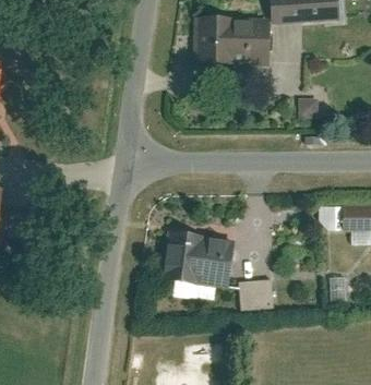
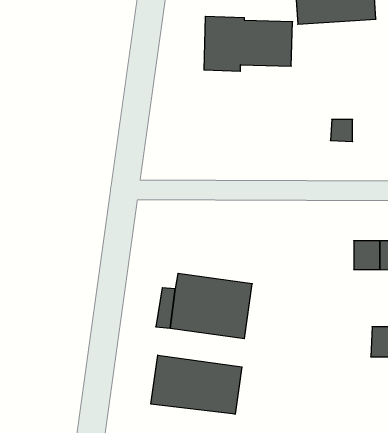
building: [237,279,271,311] -> none
building: none -> [151,355,242,414]

